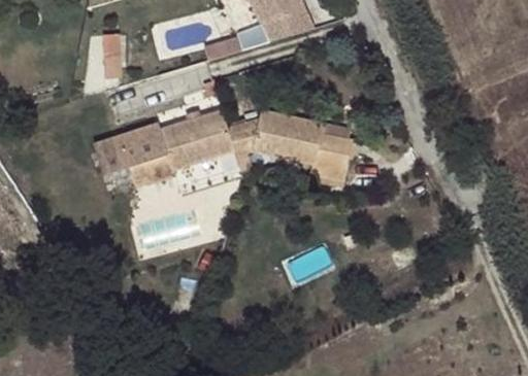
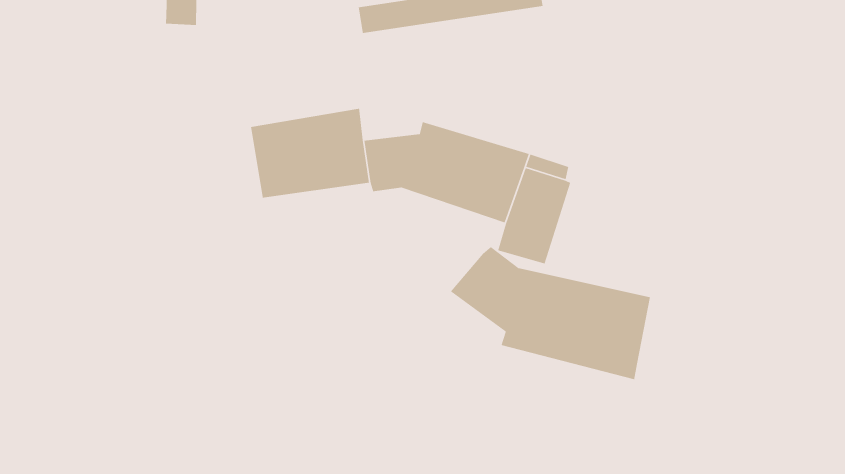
building: [105,121,172,184] -> none
building: none -> [450,246,651,380]

